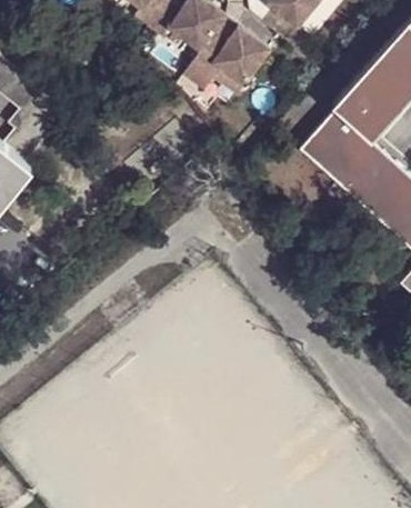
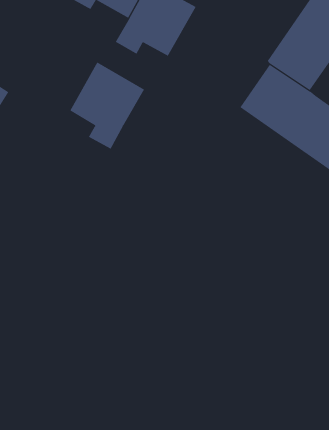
building: none -> [70,62,145,150]

